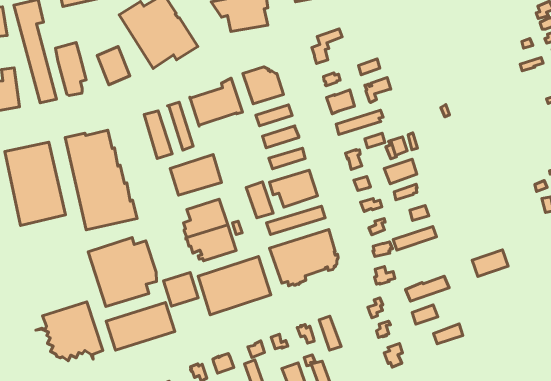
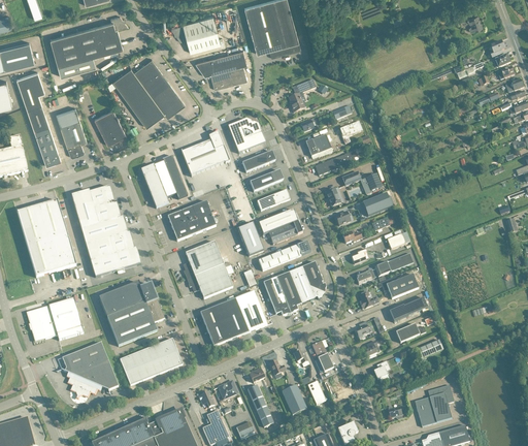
building: [472,250,508,277] -> [385,273,418,298]
building: none -> [27,297,82,340]
building: [163,273,198,306] -> none

